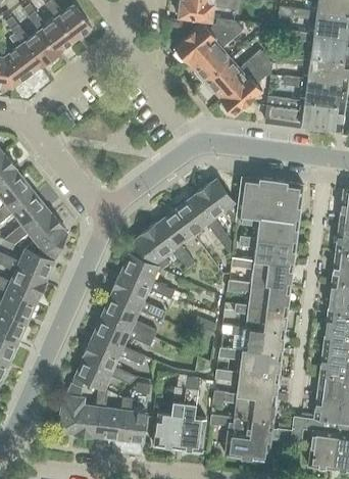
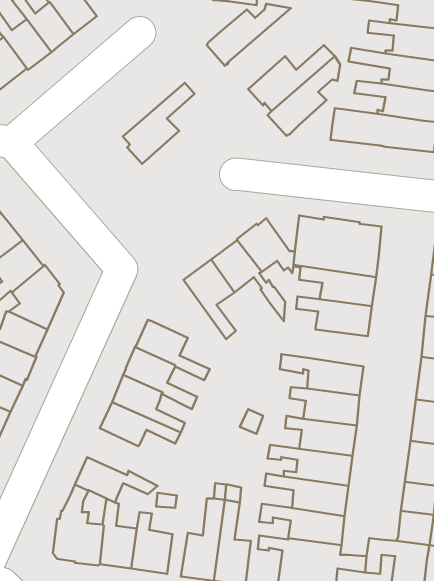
building: [189,22,242,83] -> [123,83,194,164]
building: [132,224,173,270] -> none
building: [230,257,292,289] -> none
building: [83,335,144,370] -> none

